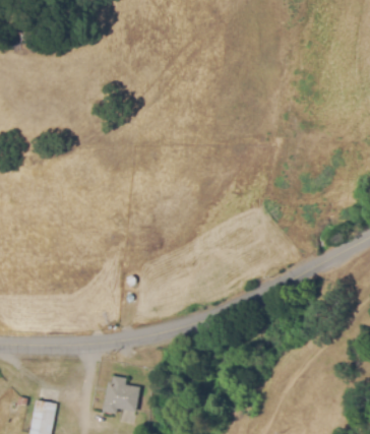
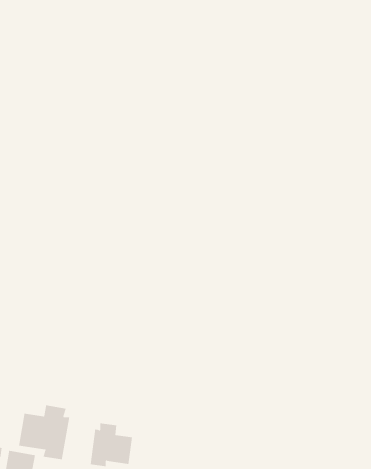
building: none -> [18,404,70,460]

